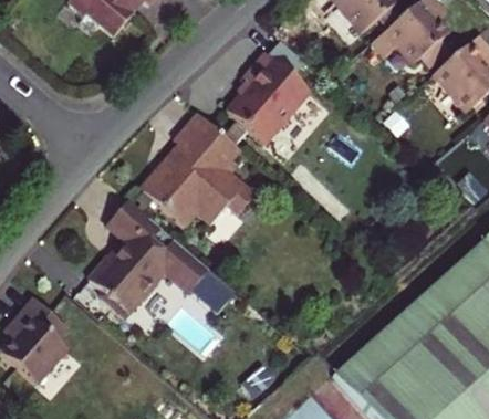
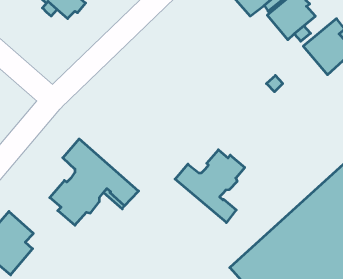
building: [228,52,311,143] -> none
building: [141,112,256,224] -> none
building: none -> [175,150,245,223]

